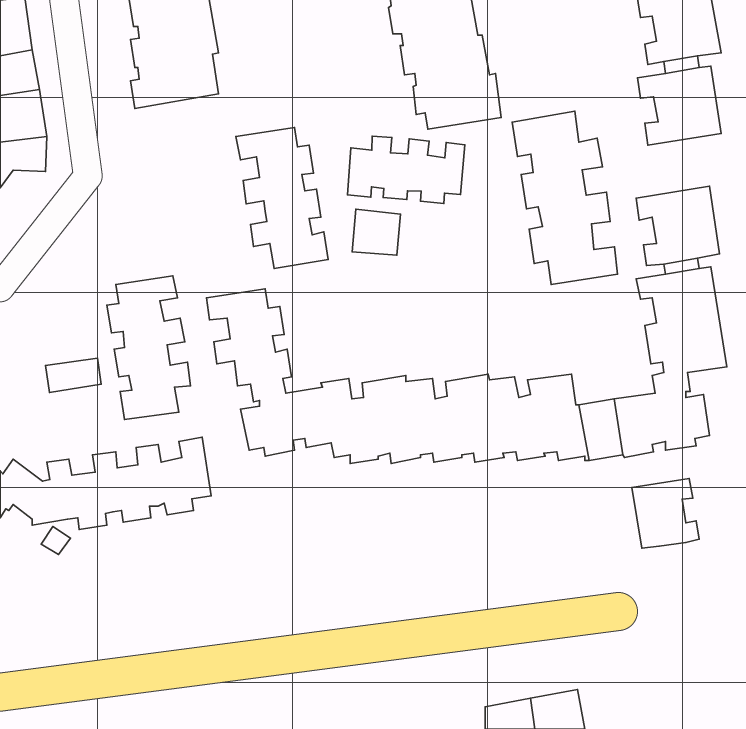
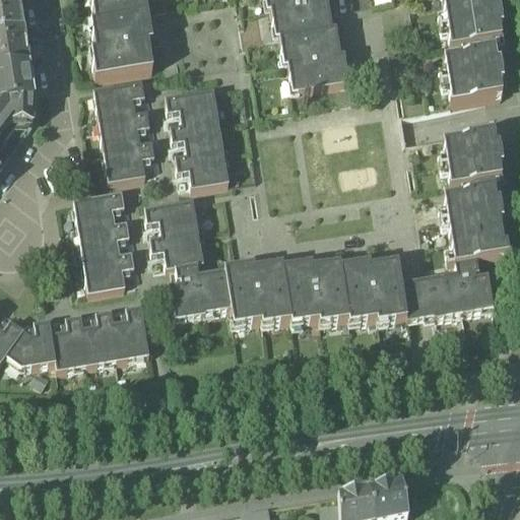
building: [512,111,618,285] -> none
building: none -> [95,80,154,180]
building: [348,136,465,203] -> none
building: [352,209,401,255] -> none
building: [45,358,101,392] -> none
building: [632,478,699,548] -> none

